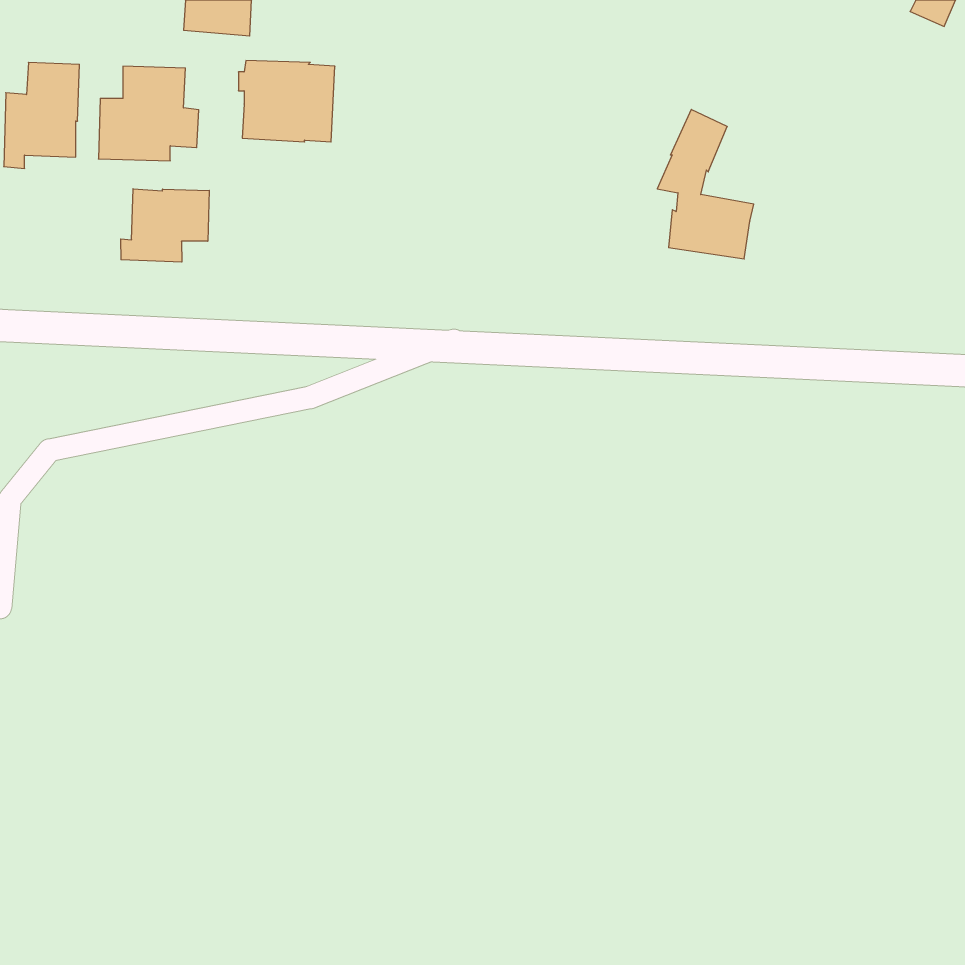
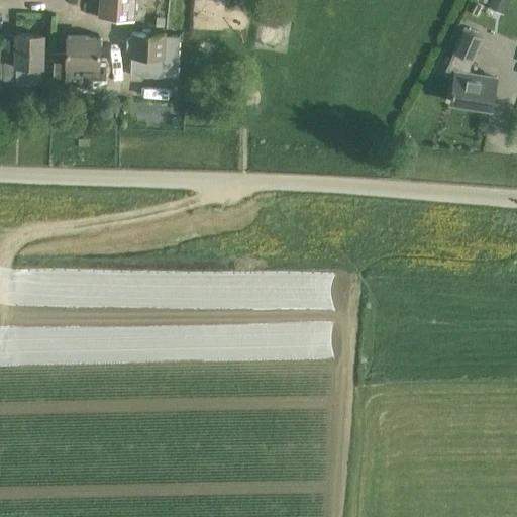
building: [657,109,754,259] -> [445,28,497,108]
building: [121,189,209,262] -> none

